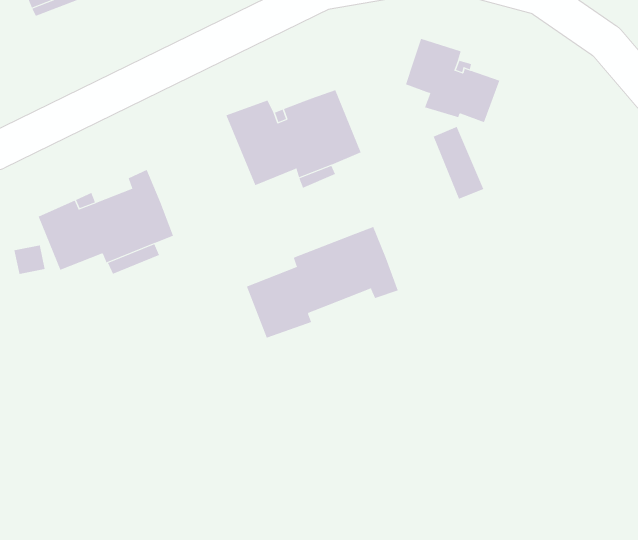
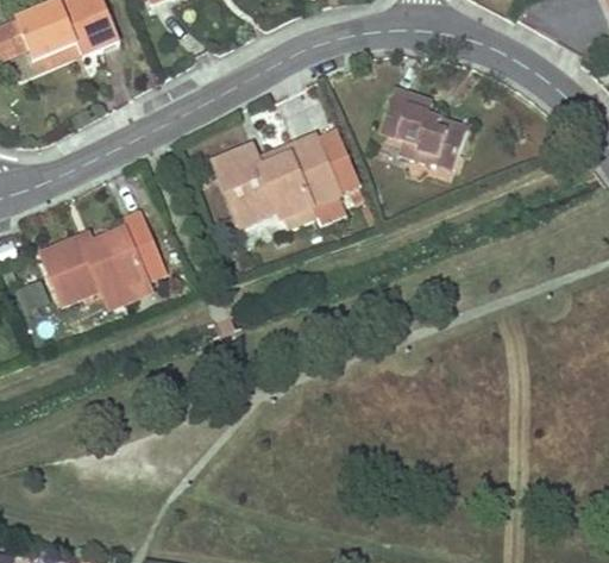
building: [433,126,484,199] -> [314,126,362,194]
building: [246,226,398,338] -> none

